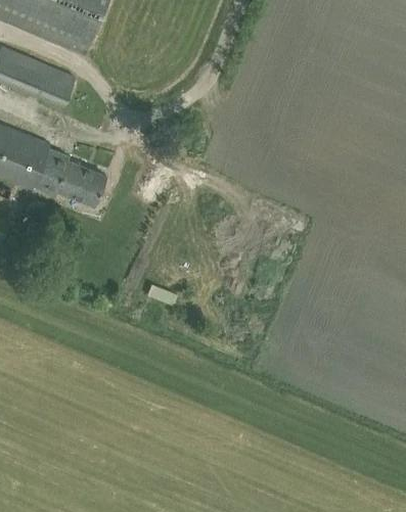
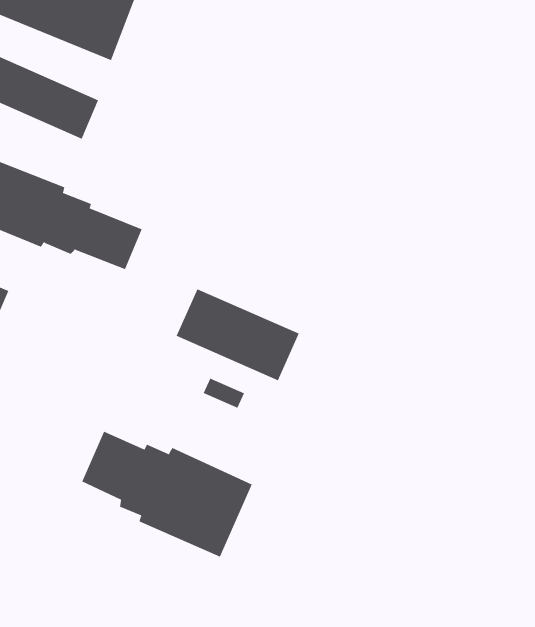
building: none -> [176,288,299,381]
building: none -> [82,431,252,558]

